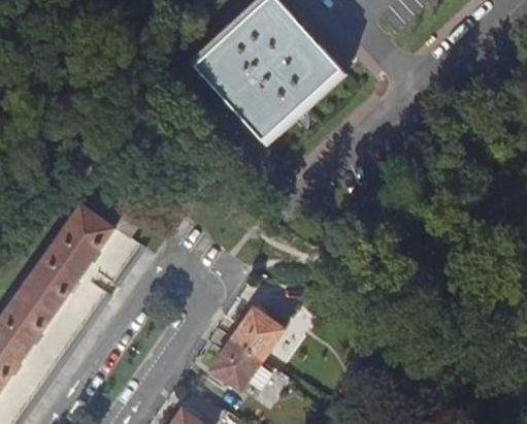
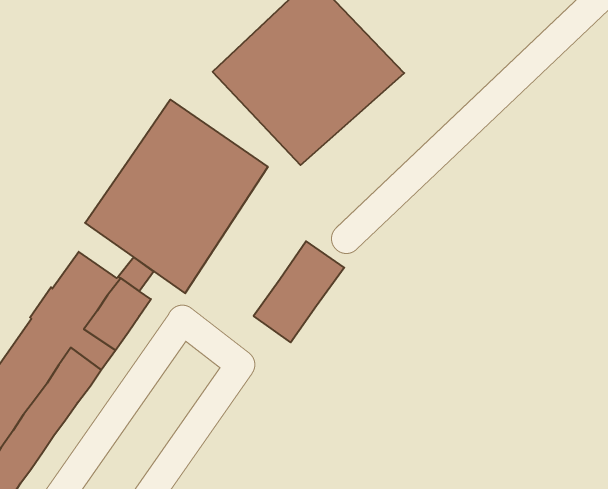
building: none -> [85,100,268,293]
building: [212,307,284,387] -> [254,241,344,342]

